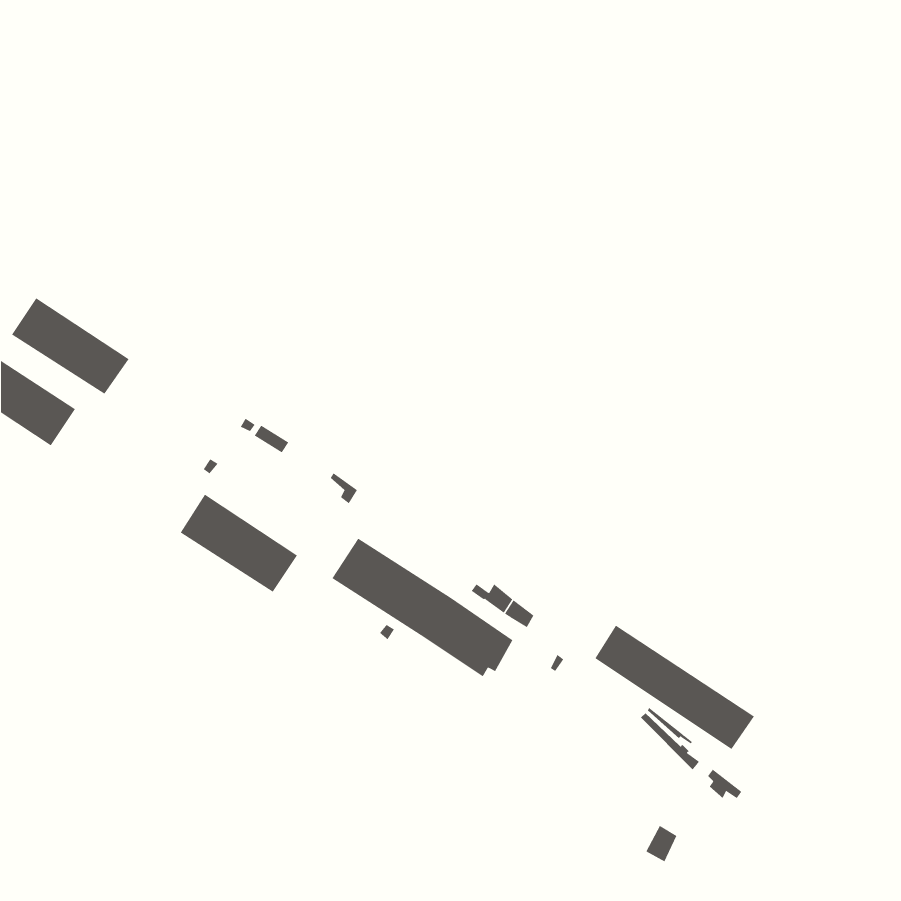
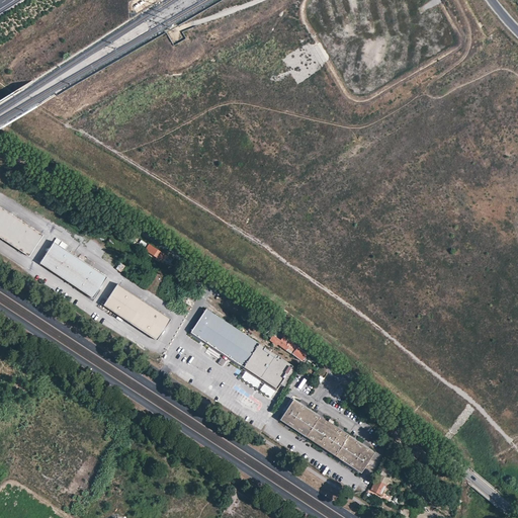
building: [11,298,129,395] -> [39,242,107,297]
building: [594,625,755,750] -> [281,400,373,471]

